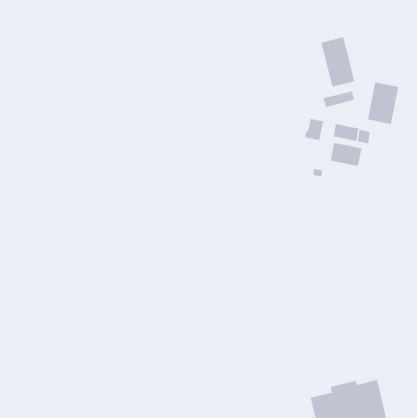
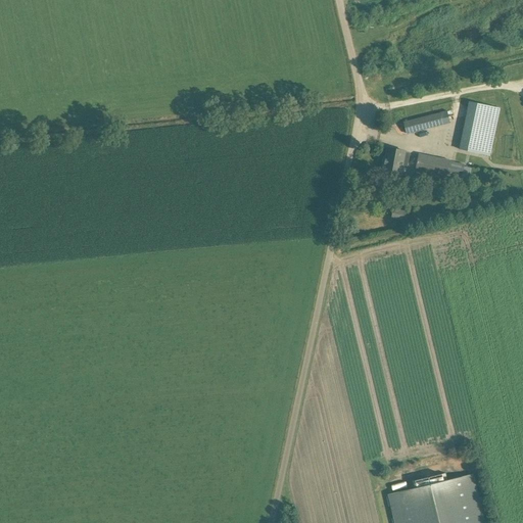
building: [321,36,355,88] -> none
building: [330,142,362,167] -> none

